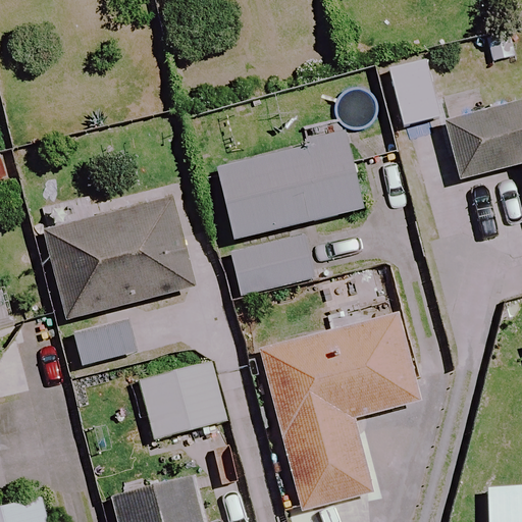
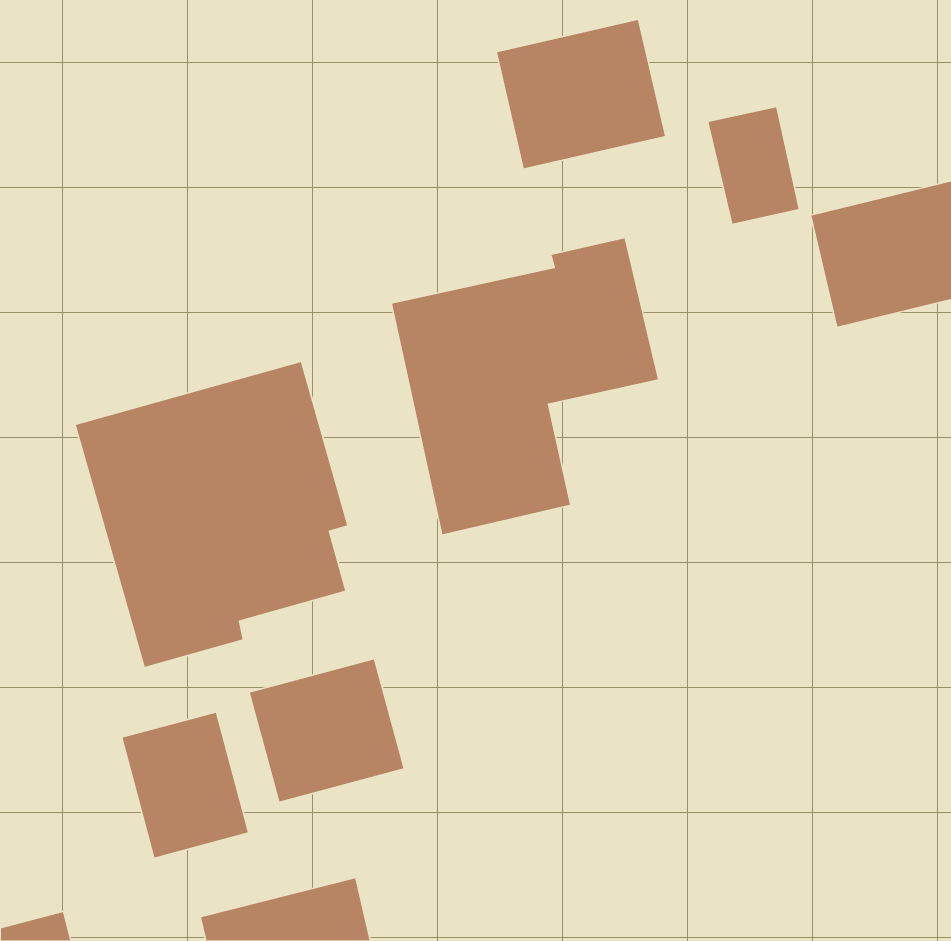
building: none -> [496,19,666,169]
building: [261,313,418,508] -> none
building: none -> [122,712,249,858]

